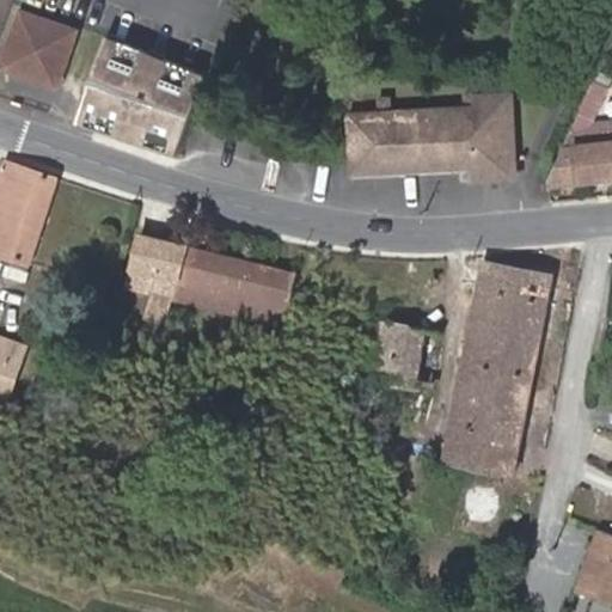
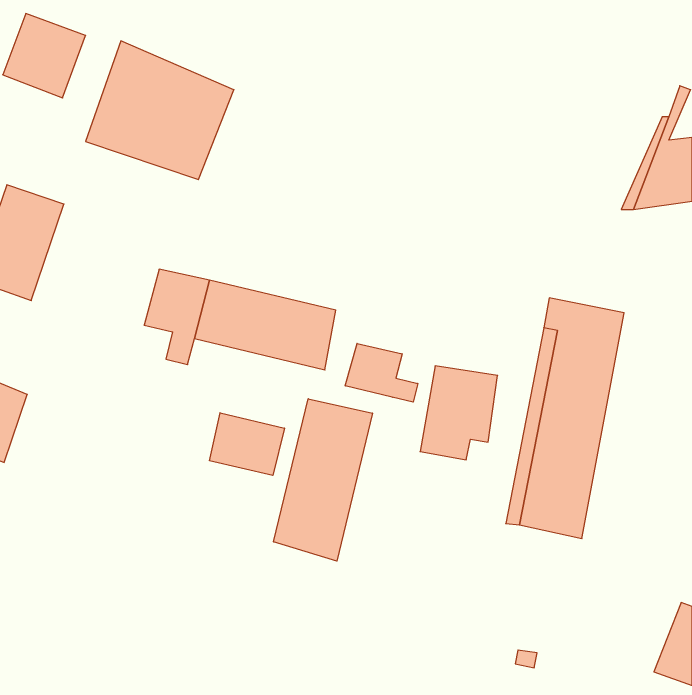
building: [349,93,512,178] -> none
building: none -> [345,343,418,402]
building: none -> [274,399,372,561]
building: none -> [210,413,284,475]

